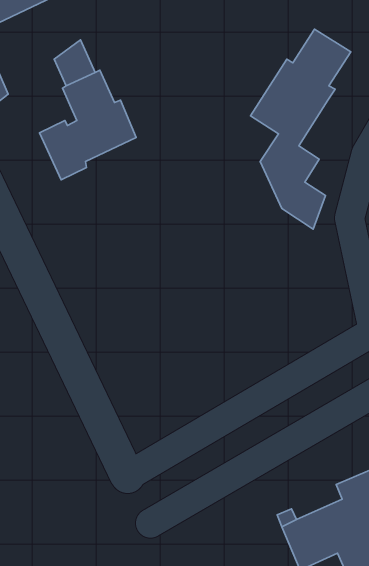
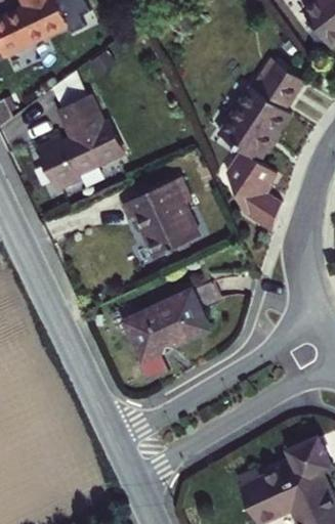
building: none -> [122,177,200,258]
building: none -> [126,280,219,380]

